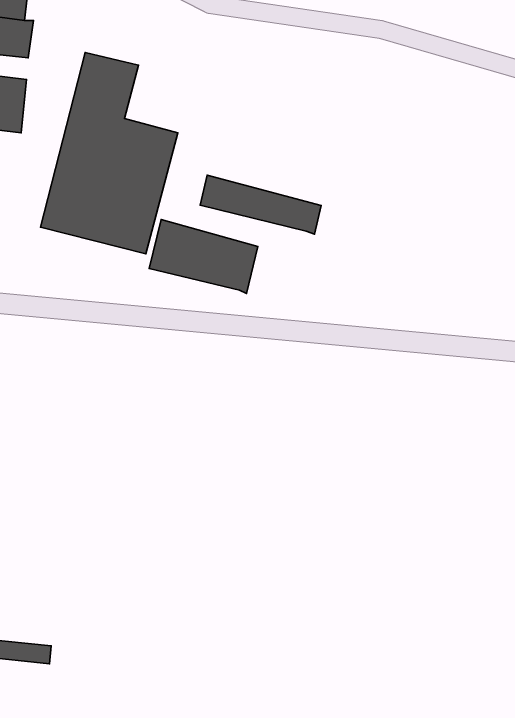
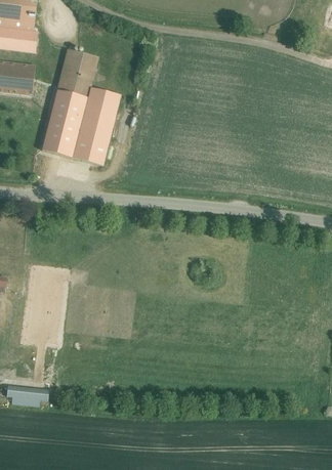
building: [200,175,321,234] -> none
building: [149,220,258,293] -> none

